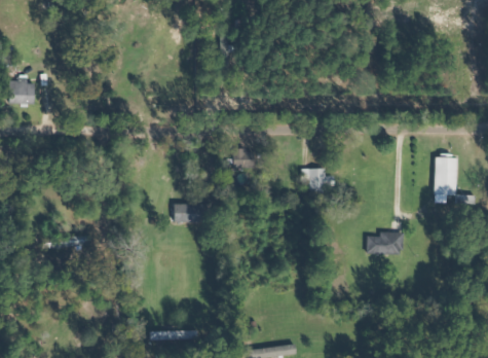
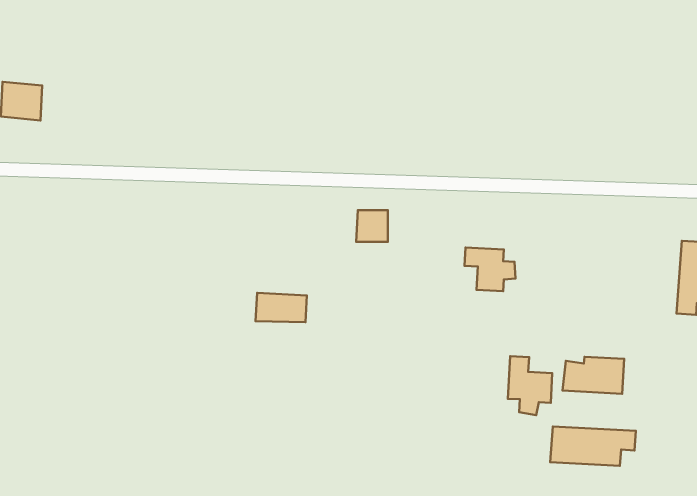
building: none -> [508,356,552,415]
building: none -> [550,426,636,466]

